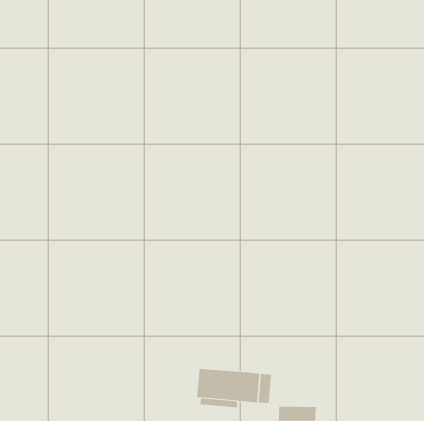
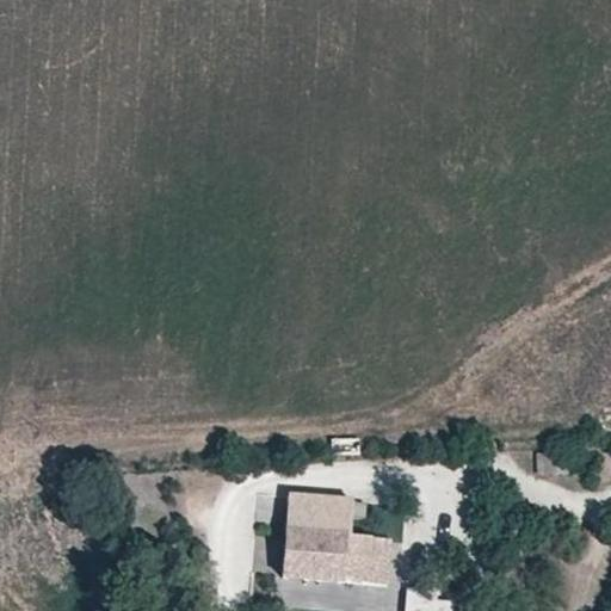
building: none -> [286,492,354,533]

